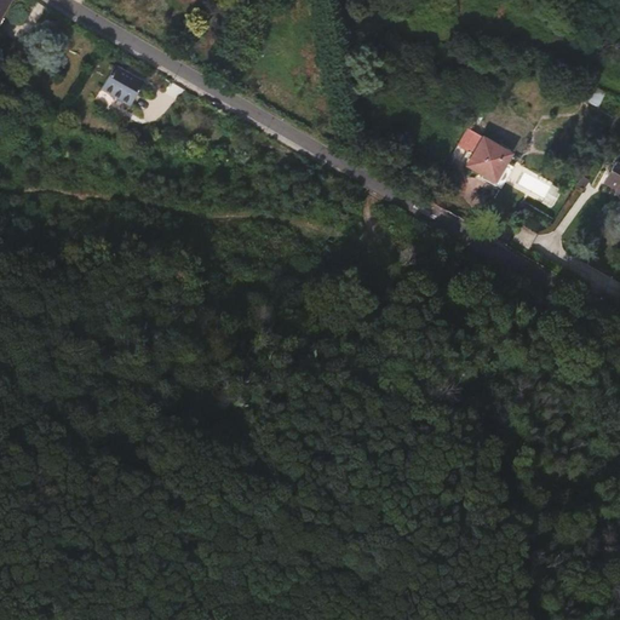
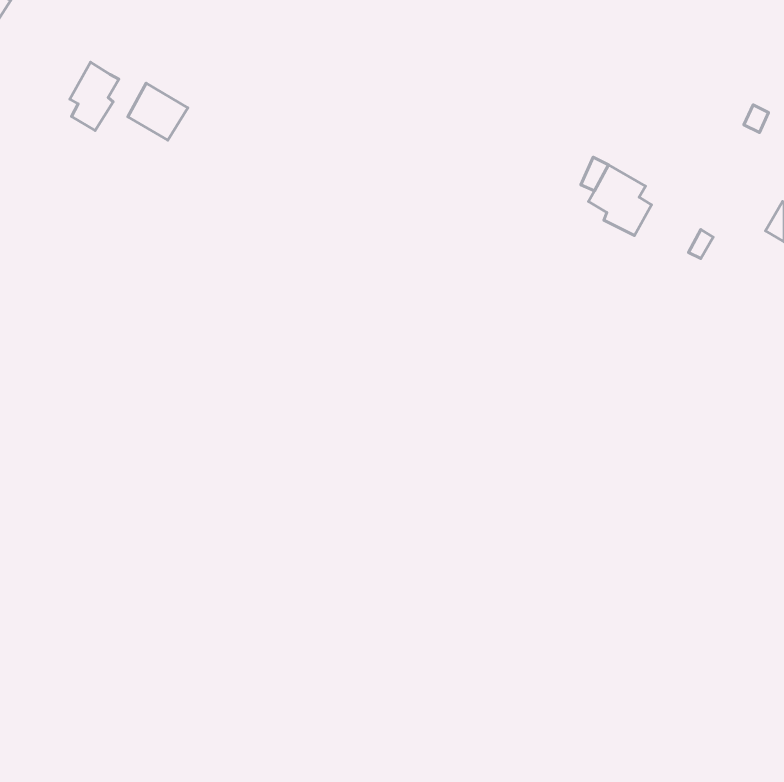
building: none -> [70,62,119,130]

